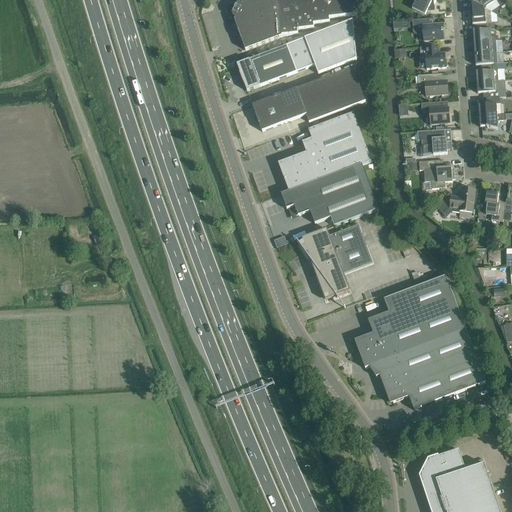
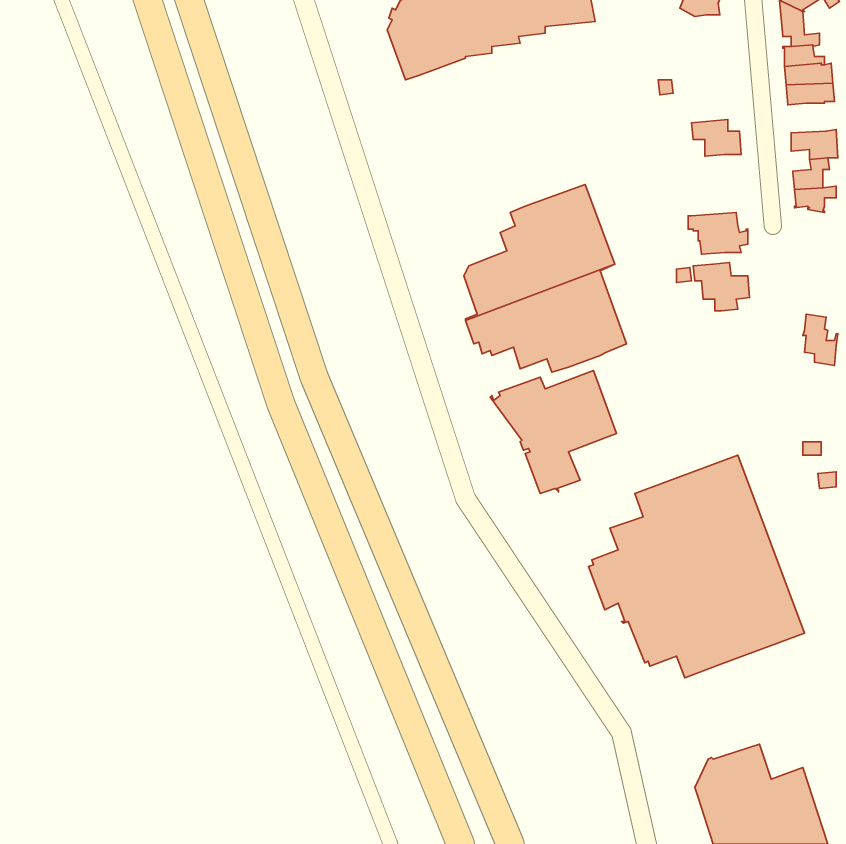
building: [411,17,442,39] -> none
building: [235,21,354,89] -> none
building: [417,44,444,67] -> none
building: [474,61,505,80] -> none
building: [251,65,364,130] -> none
building: [420,100,449,123] -> none
building: [433,186,474,211] -> none

